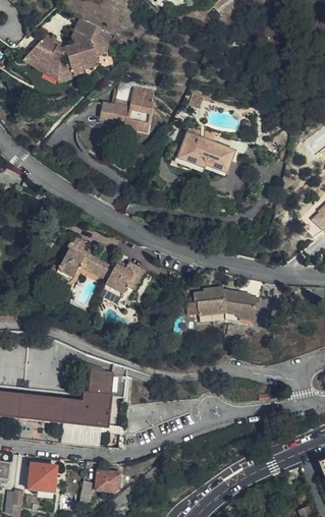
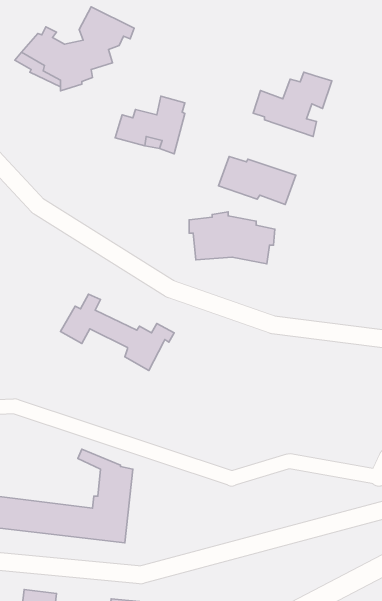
building: none -> [253,72,332,136]
building: [193,285,258,325] -> [189,212,275,264]

